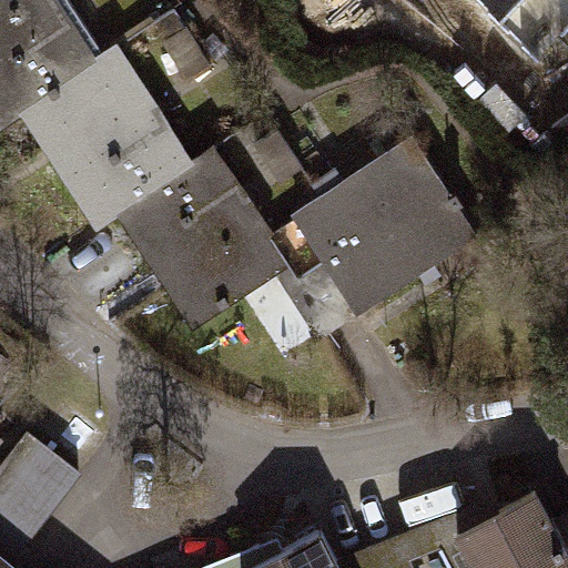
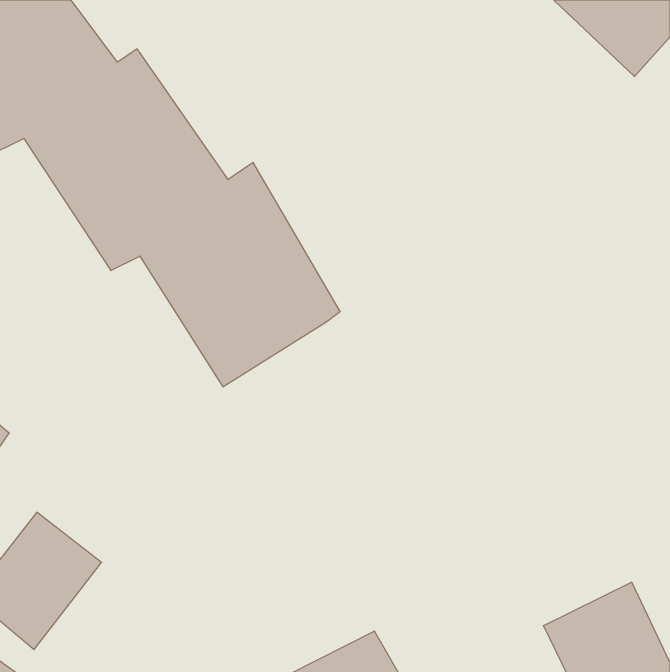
building: [274,131,485,335] -> none

